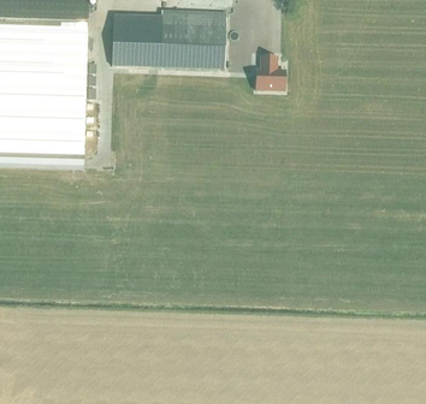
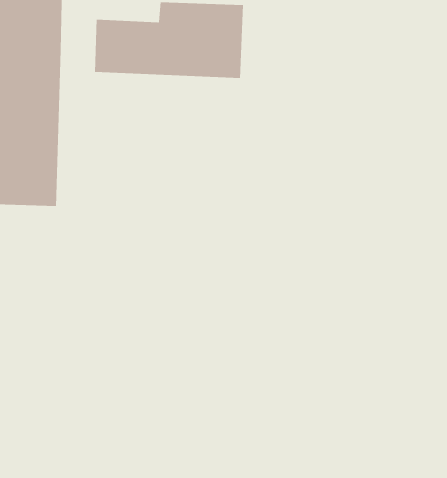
building: [256,55,285,90] -> none

